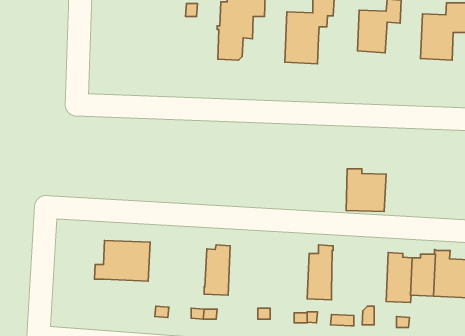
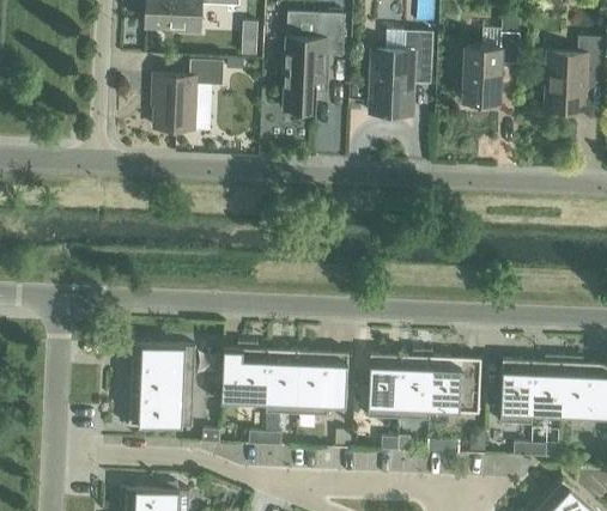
building: none -> [153,61,224,130]
building: [346,169,386,211] -> [430,358,481,413]
building: none -> [221,343,269,404]
building: none -> [297,352,348,416]
building: none -> [368,354,401,420]
building: none -> [123,395,194,428]

